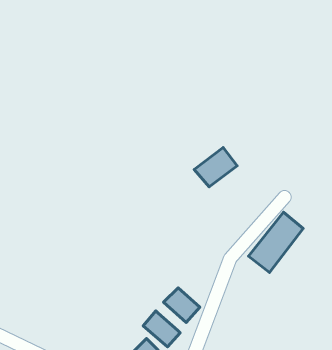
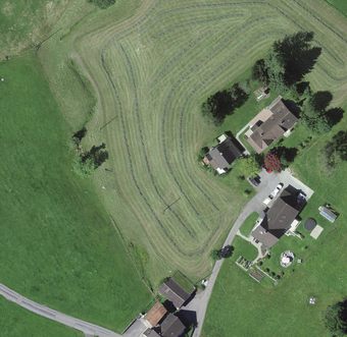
building: none -> [244,98,302,152]
building: [163,288,200,323] -> none

